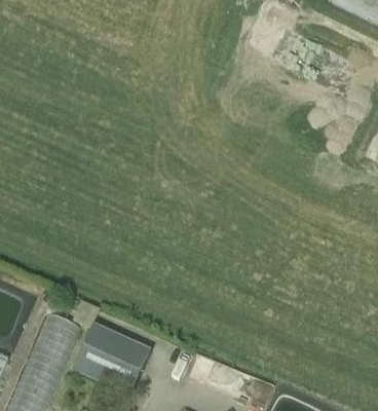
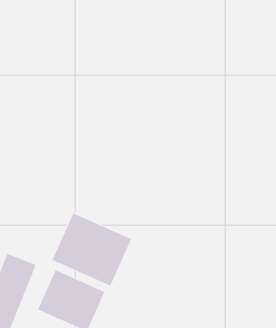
building: none -> [52,213,132,286]

